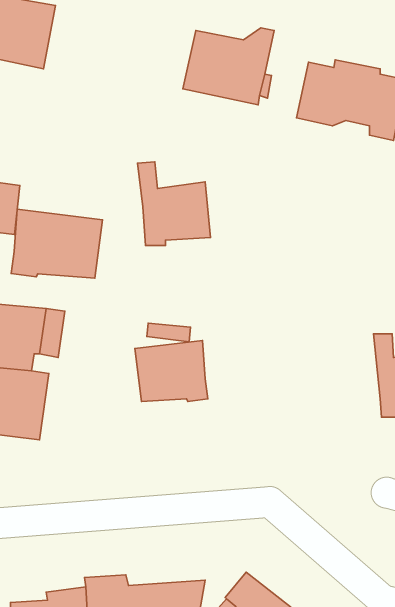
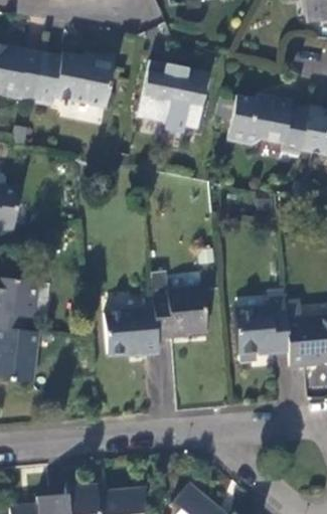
building: none -> [34,53,114,107]
building: [138,162,210,245] -> [151,274,206,337]
building: [11,209,103,278] -> none
building: none -> [235,293,290,354]

